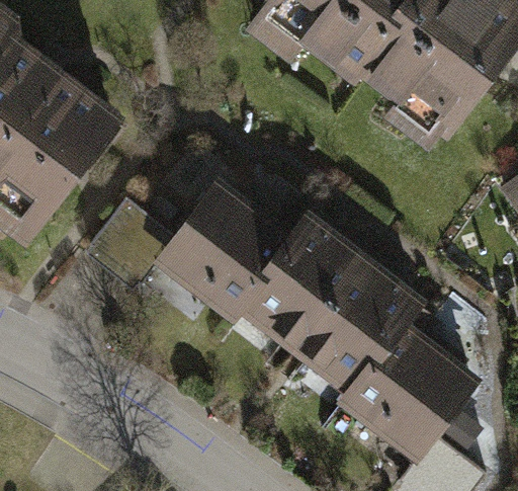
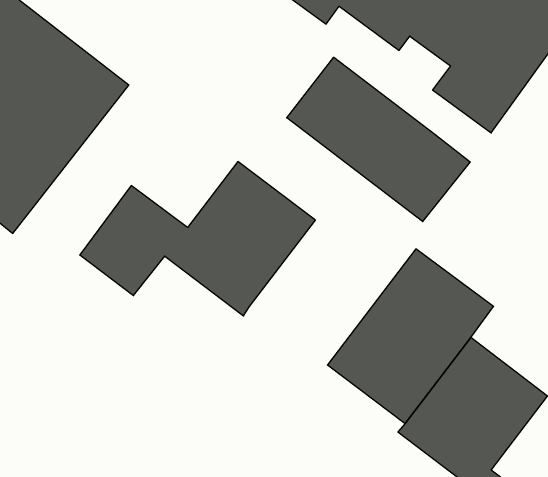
building: none -> [287,57,470,222]
building: [228,206,368,353] -> none

